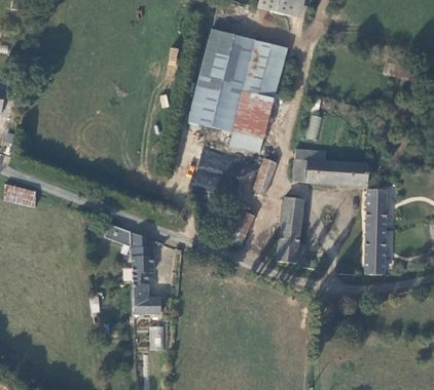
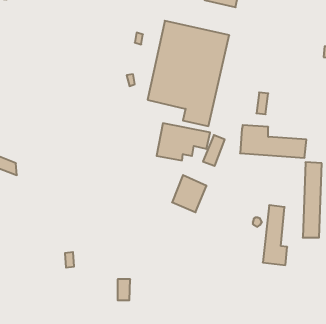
building: [280,196,308,264] -> [263,205,287,265]
building: [105,225,167,319] -> none

